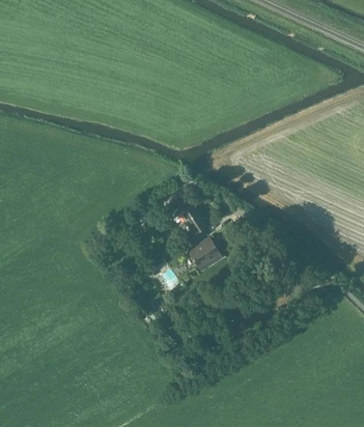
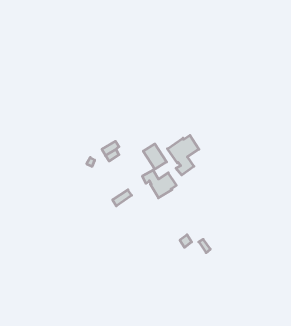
building: none -> [167,135,199,175]

